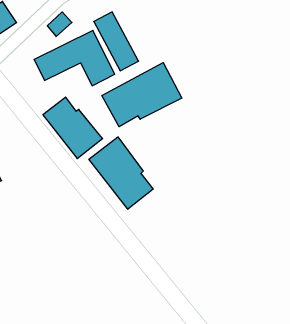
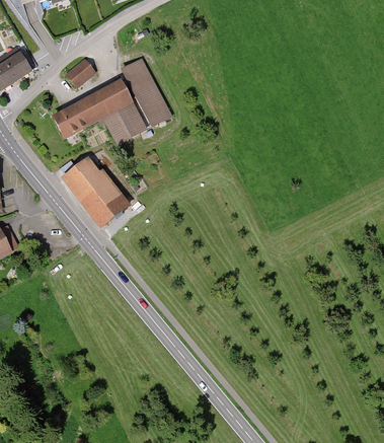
building: [102,63,182,127] -> none
building: [89,137,153,209] -> none

